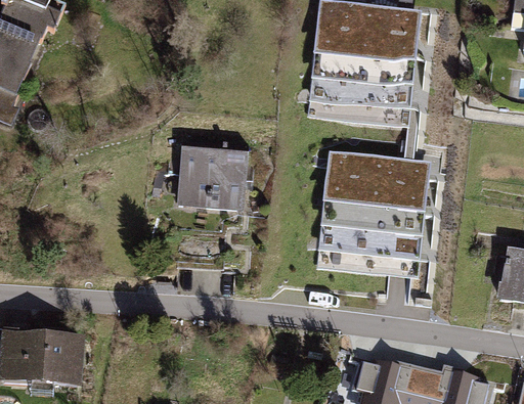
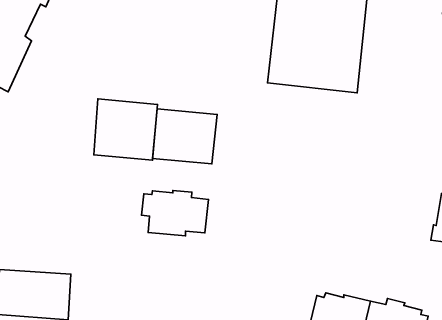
building: none -> [94,99,158,160]
building: [316,150,431,277] -> none
building: none -> [141,191,209,236]

